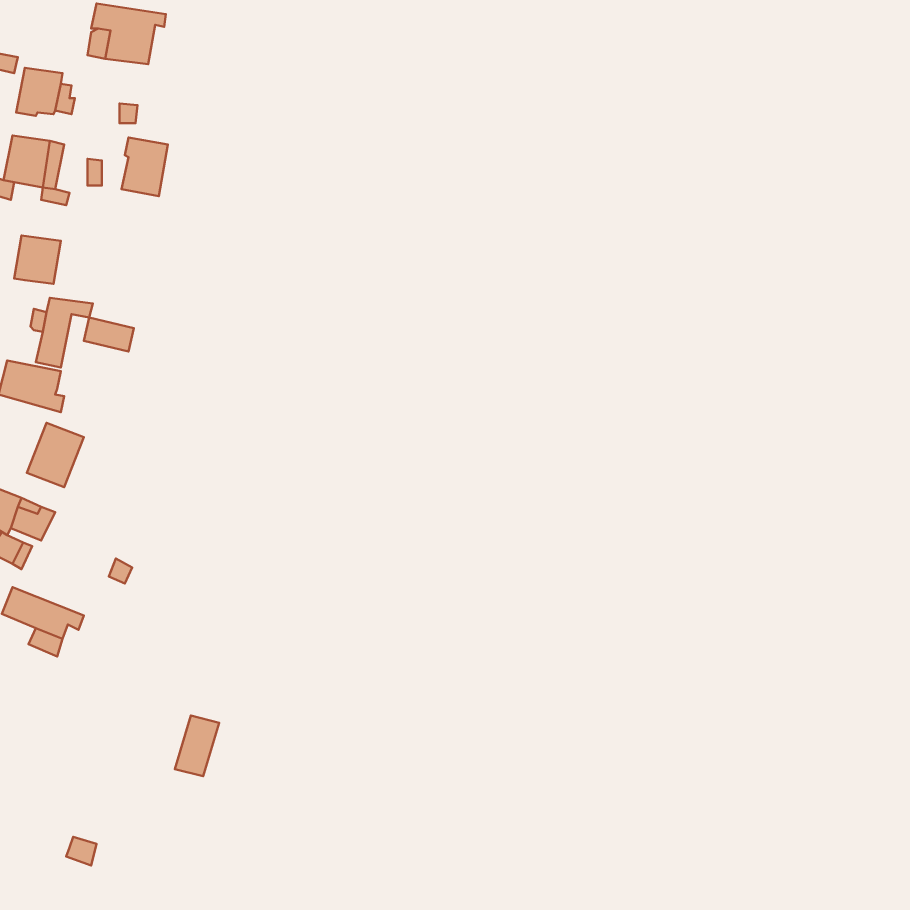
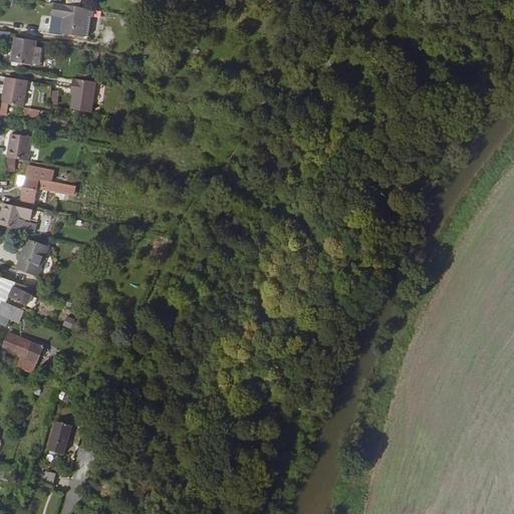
building: [175,716,219,776] -> [46,422,71,456]

